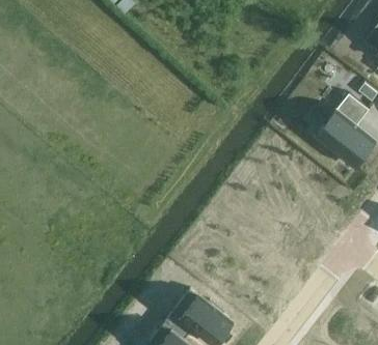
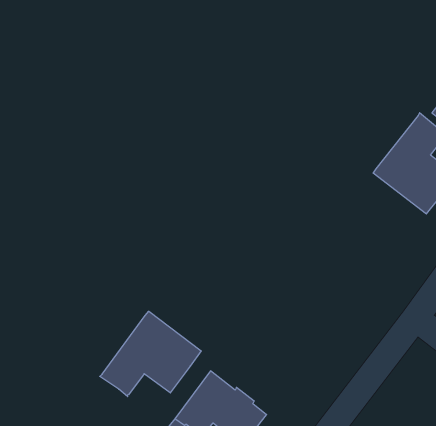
building: none -> [100,311,201,397]

